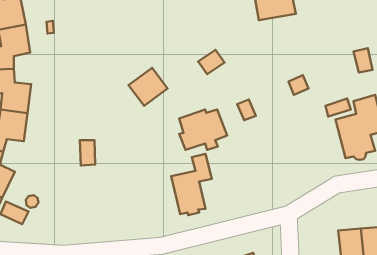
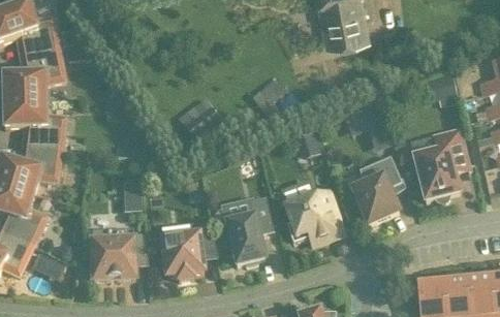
building: [179,109,227,150] -> [286,195,341,242]
building: none -> [353,155,402,223]
building: none -> [162,220,218,279]
building: none -> [92,228,149,280]

